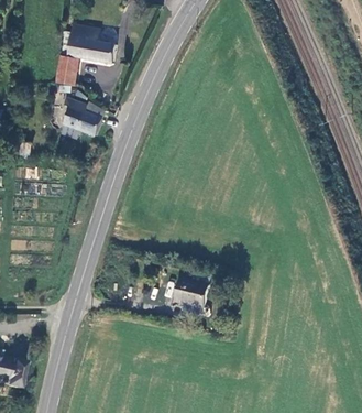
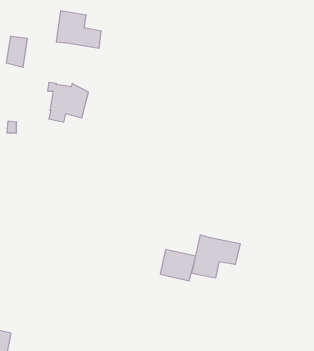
building: [55,56,77,88] -> [6,36,28,67]
building: none -> [192,235,240,278]

